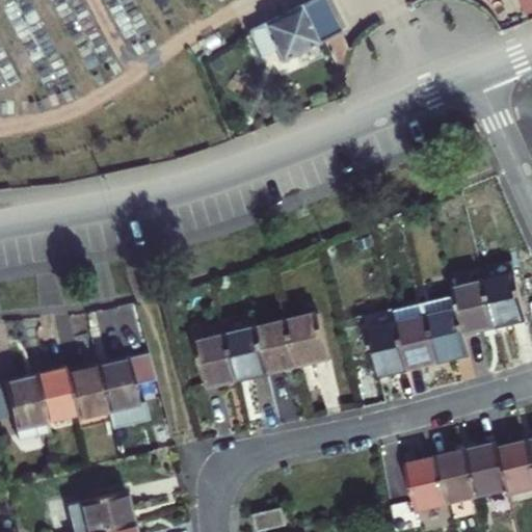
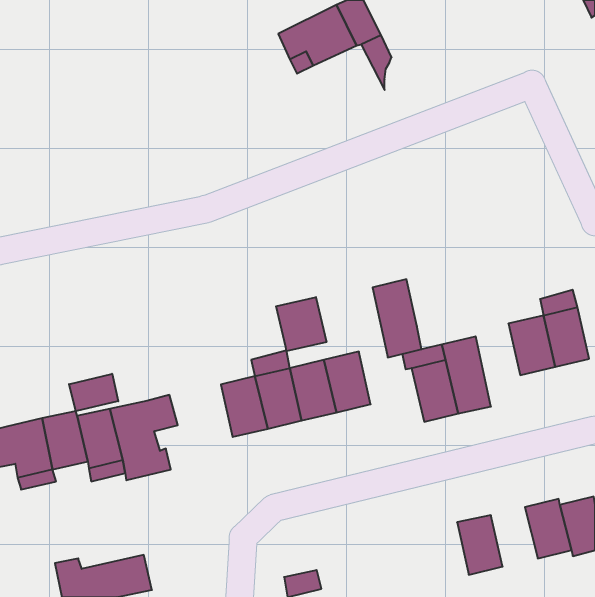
building: none -> [276,297,326,351]
building: [423,292,467,362] -> [373,279,422,357]
building: none -> [69,374,118,411]
building: [436,451,478,504] -> none

